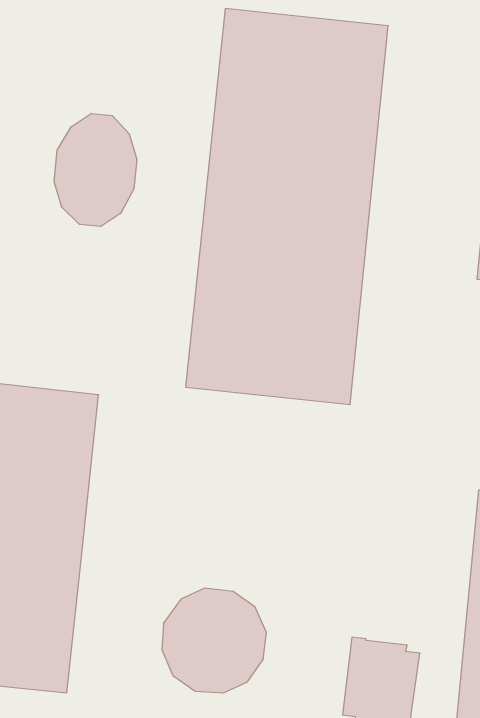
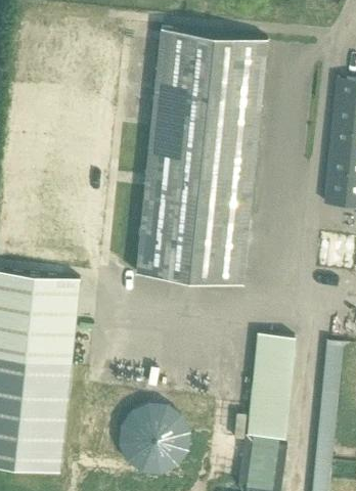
building: [54,113,137,227] -> none
building: none -> [247,332,296,439]

